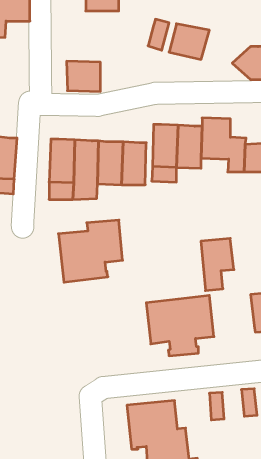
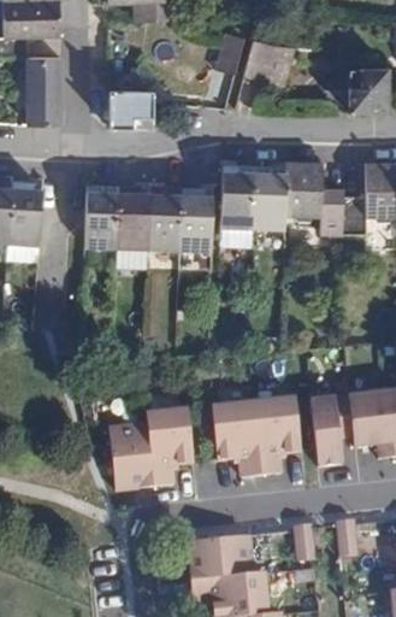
building: none -> [26,57,59,125]
building: [58,220,123,282] -> [108,409,193,490]
building: [201,238,234,291] -> [311,395,354,464]

